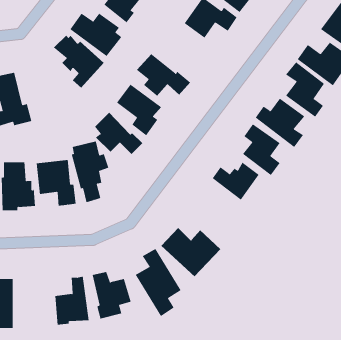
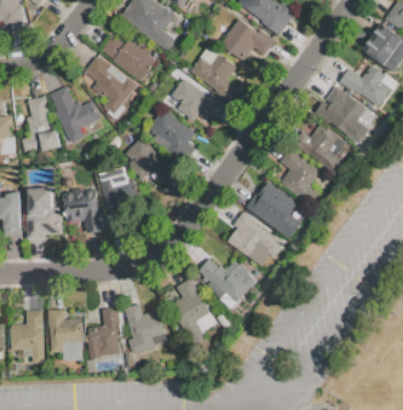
building: none -> [190,45,241,102]
building: none -> [48,85,100,143]
building: none -> [232,210,276,266]
building: none -> [47,310,82,359]

